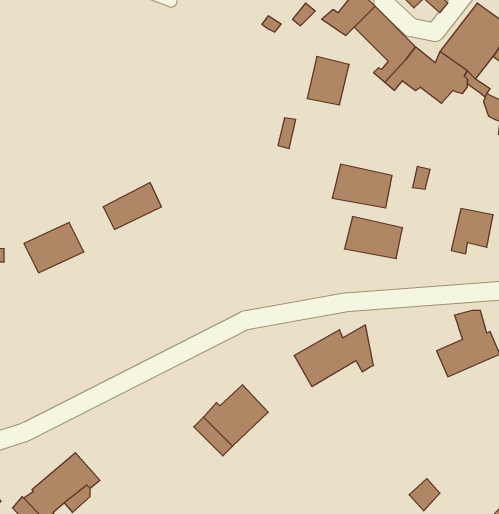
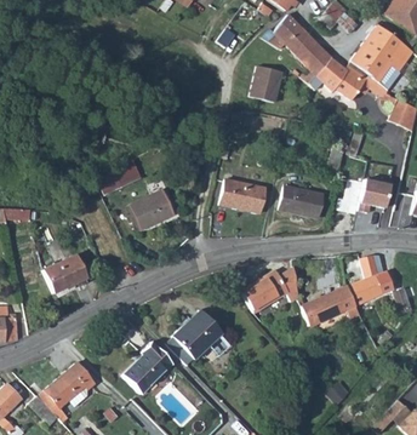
building: [332,164,392,208] -> [219,178,264,211]
building: [24,223,84,273] -> [44,254,88,292]
building: none -> [131,189,175,228]
building: none -> [302,285,356,325]
building: none -> [124,340,173,393]

